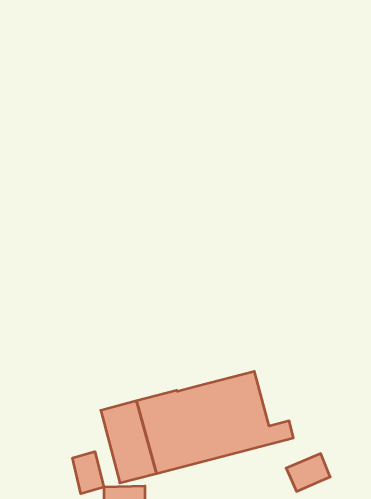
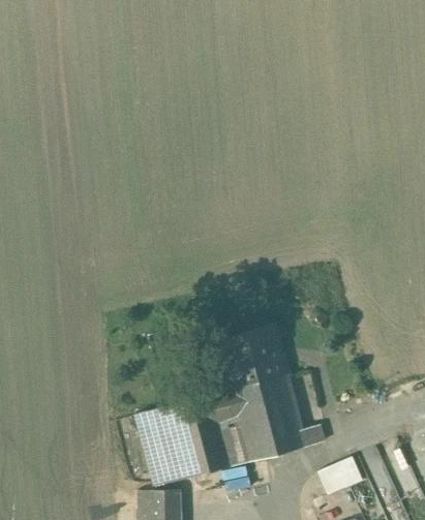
building: none -> [218,326,287,391]
building: [73,452,104,494] -> none

